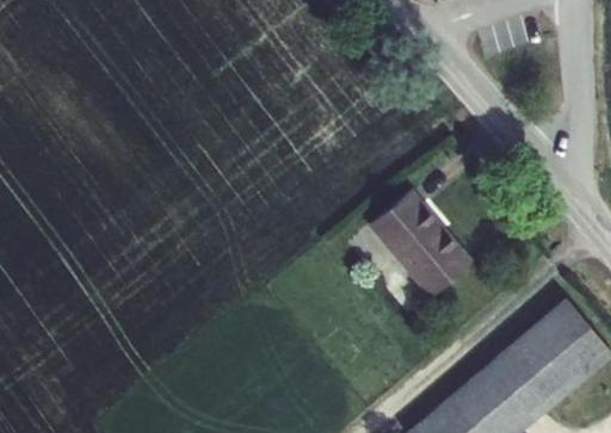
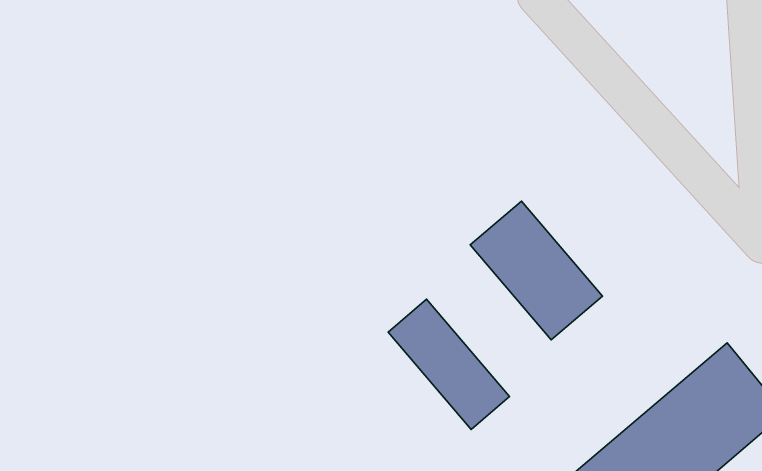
building: none -> [388,299,510,430]

